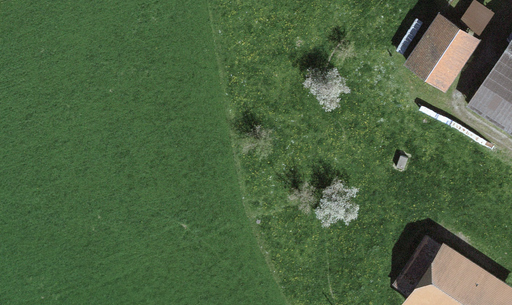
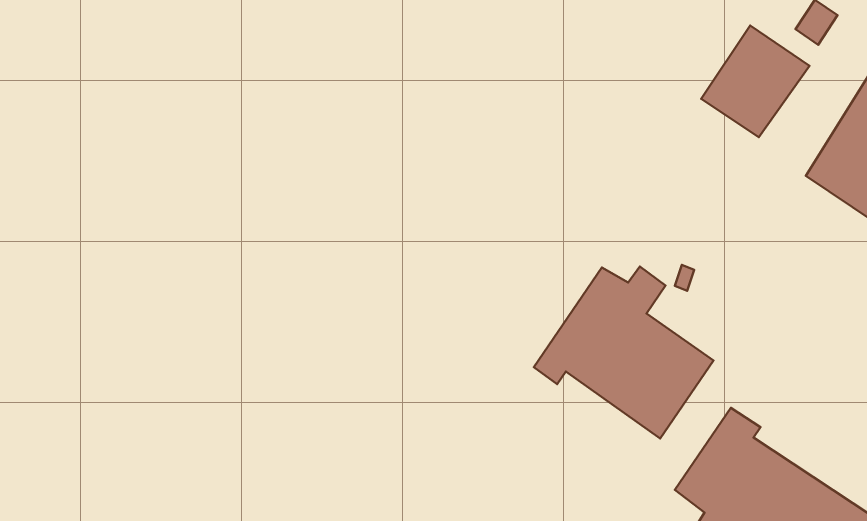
building: none -> [534,266,714,439]

